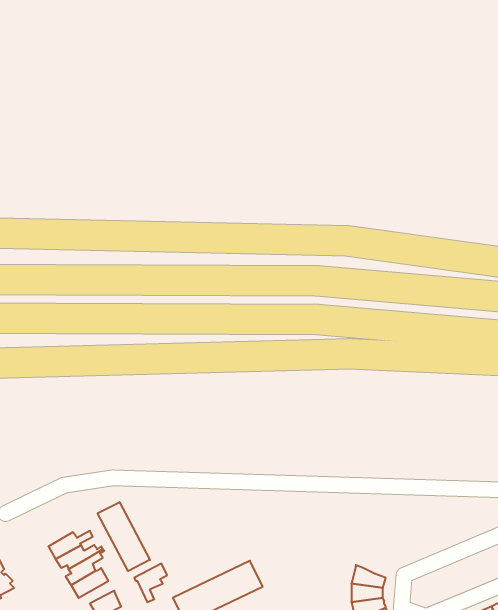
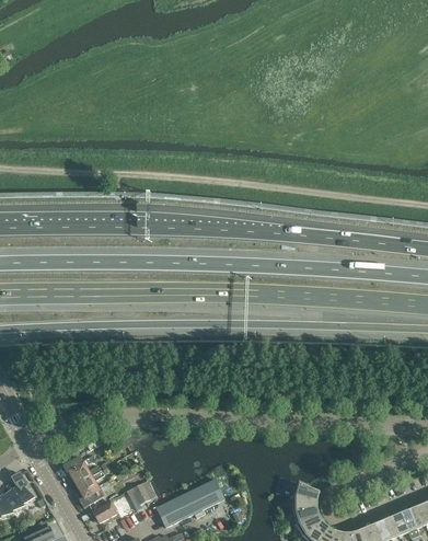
building: [98,502,150,571] -> none

